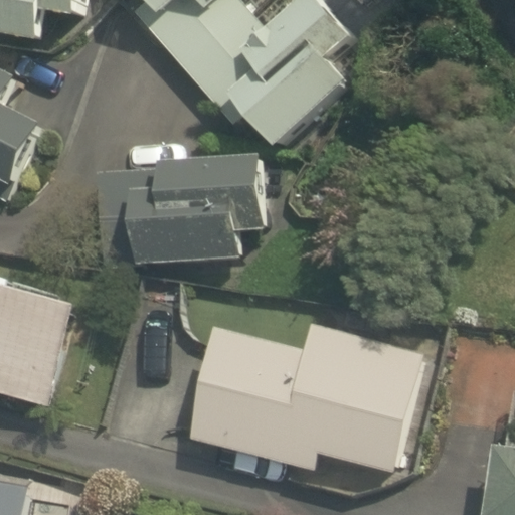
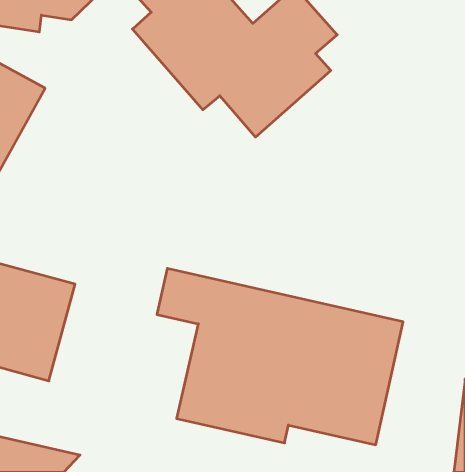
building: [134,156,268,264] -> none

